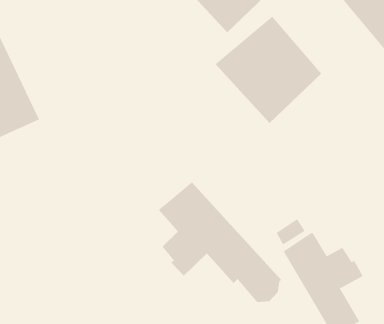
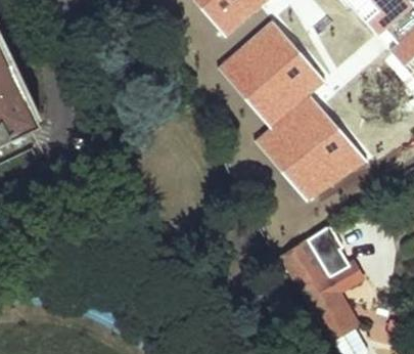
building: none -> [257,94,363,202]
building: [158,182,282,303] -> none

